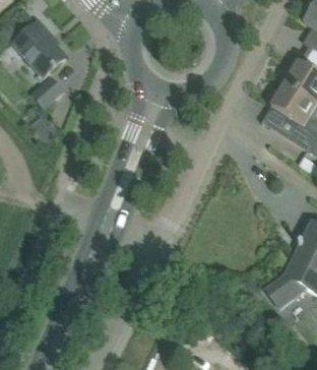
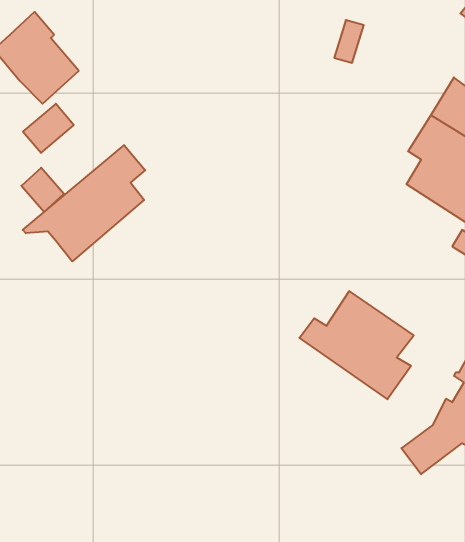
building: none -> [23,145,145,261]
building: none -> [299,291,414,399]

